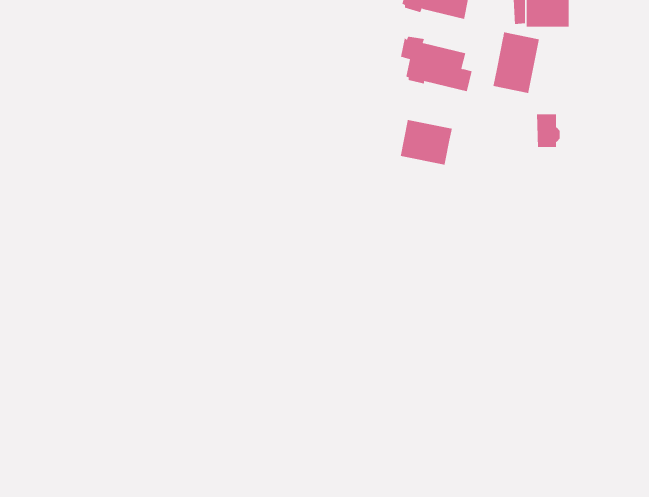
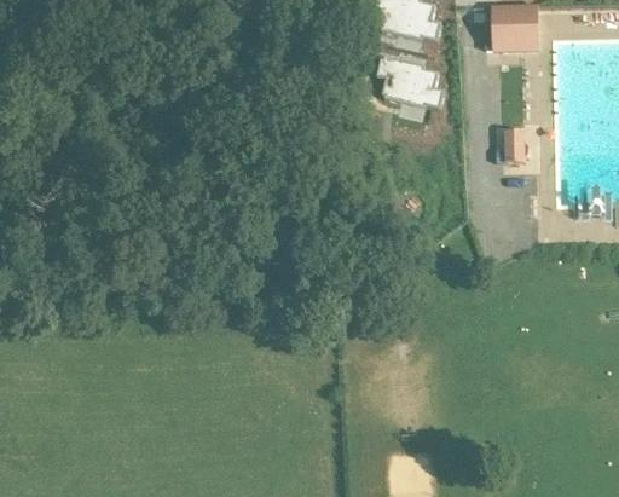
building: [493,32,540,94] -> none
building: [400,119,452,165] -> none

